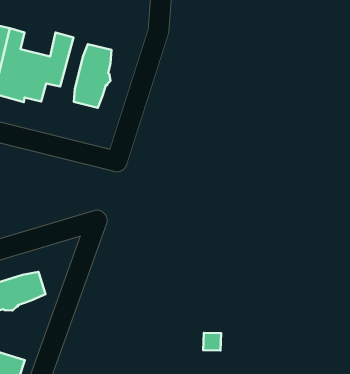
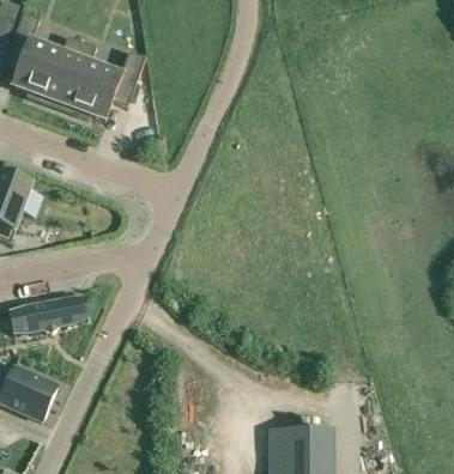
building: [74,44,112,108] -> none

